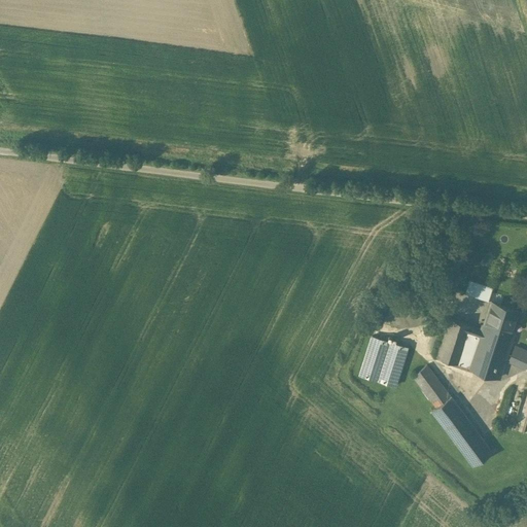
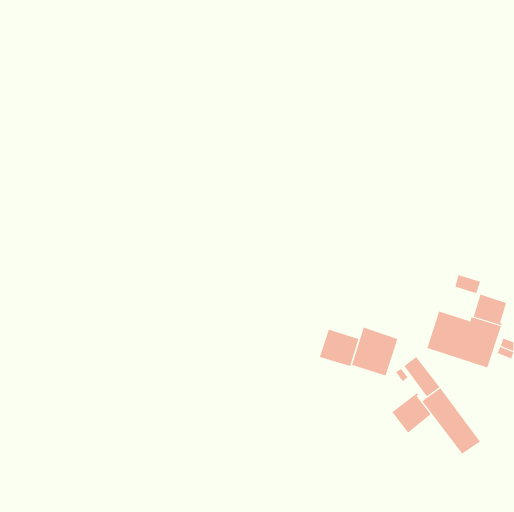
building: none -> [319,329,359,367]
building: none -> [392,392,431,433]

